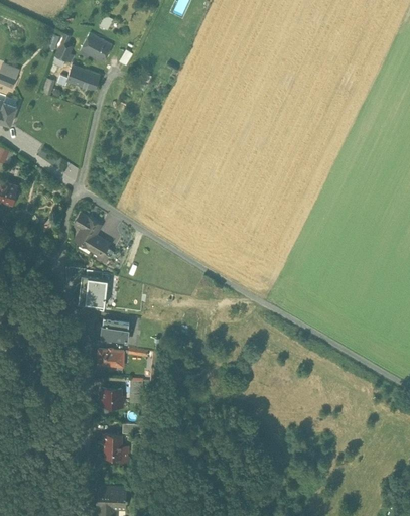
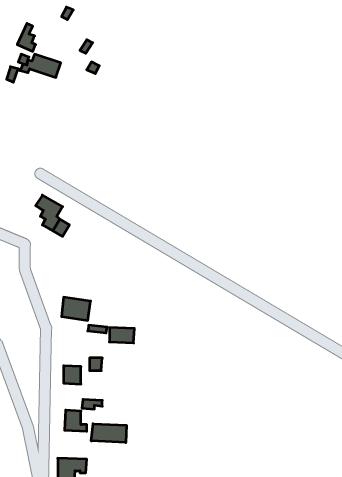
building: [81,33,112,62] -> none
building: [75,277,102,306] -> none
building: [98,353,124,369] -> [109,328,134,343]
building: none -> [91,424,126,443]

